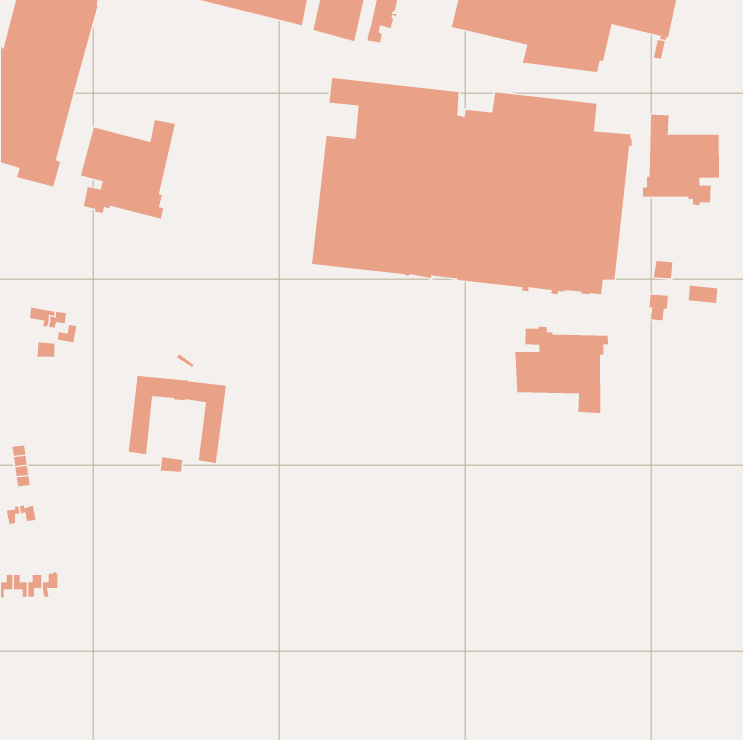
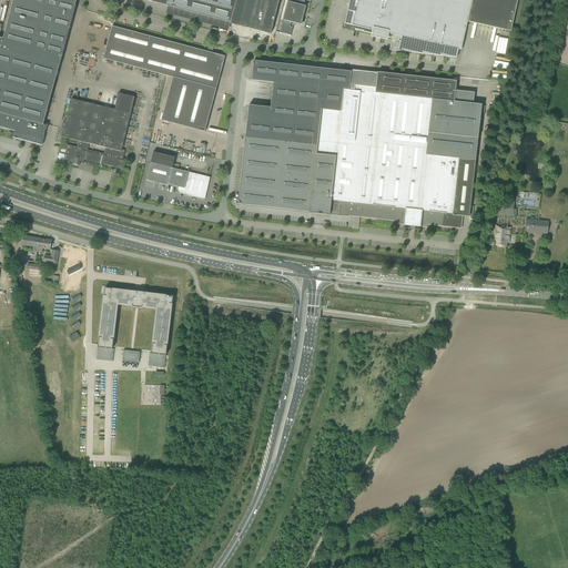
building: none -> [103,24,224,130]
building: [642,114,720,206] -> none
building: none -> [145,150,210,197]
building: [515,326,609,414] -> none

